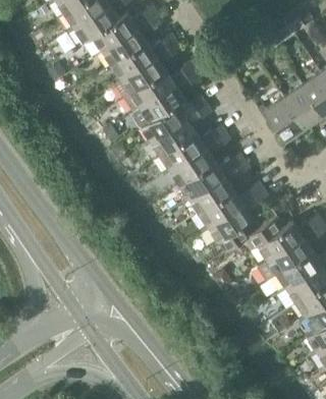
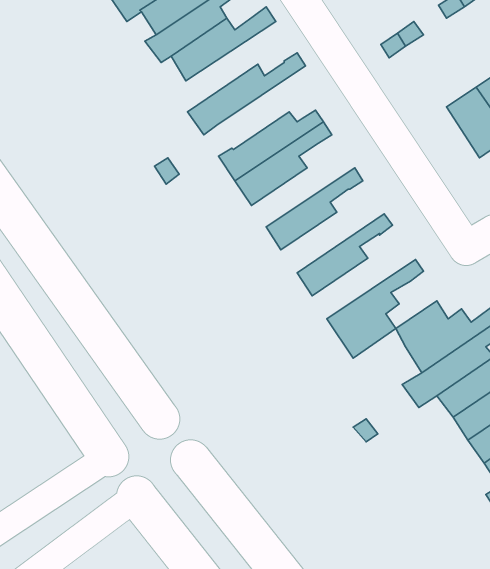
building: [113,44,181,100] -> none
building: [127,71,201,131] -> none
building: [264,97,304,140] -> none
building: [162,126,226,171] -> none
building: [180,155,244,200] -> none
building: [200,183,264,228] -> none

